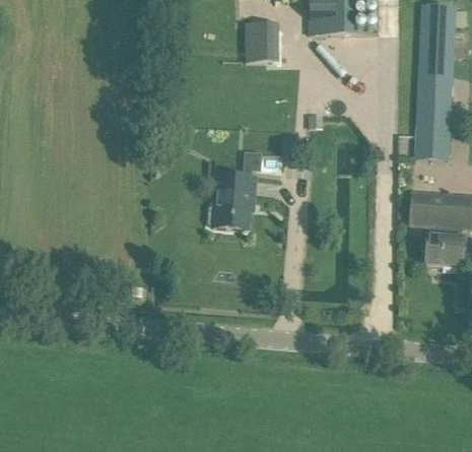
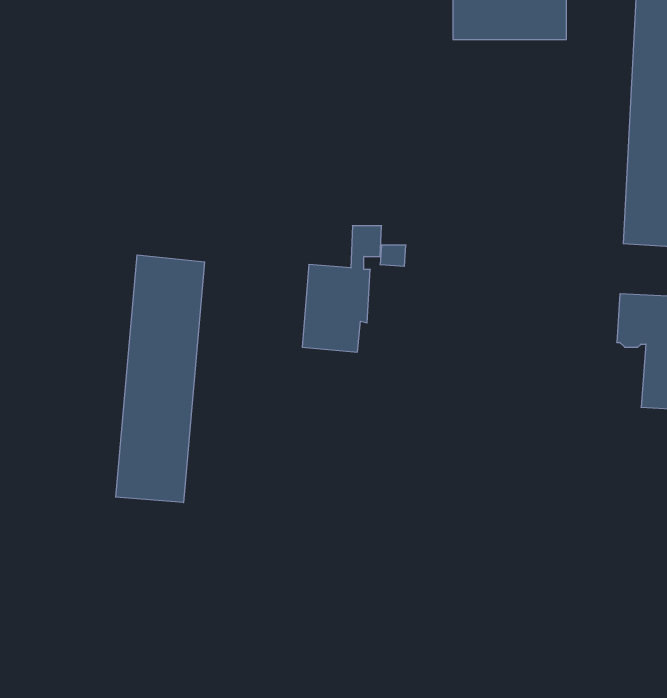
building: [244,23,273,60] -> none
building: none -> [116,255,205,503]

